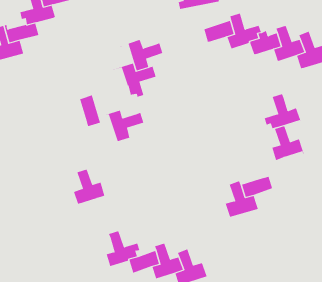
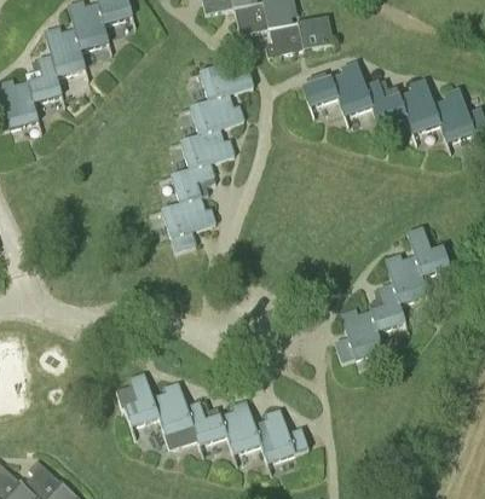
building: none -> [187,66,253,114]
building: [264,93,304,129] -> [373,254,432,306]
building: [70,95,101,127] -> [158,169,203,216]
building: [73,169,105,213] -> [123,373,171,439]

